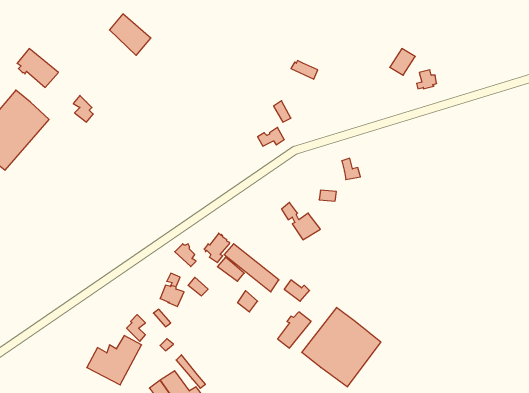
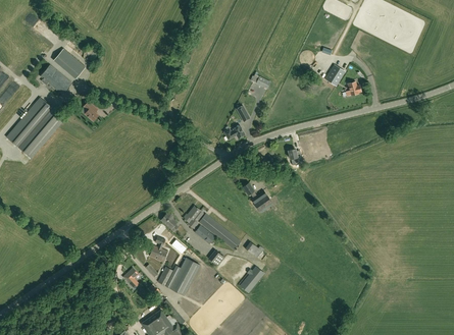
building: [109,14,151,55] -> [54,49,86,80]
building: [302,307,381,387] -> none
building: [87,336,142,385] -> [158,258,200,295]

